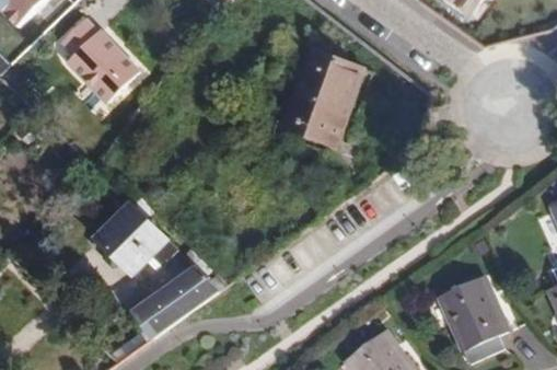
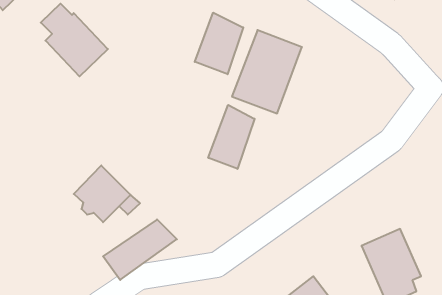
building: none -> [195,13,243,74]
building: none -> [208,105,255,169]

